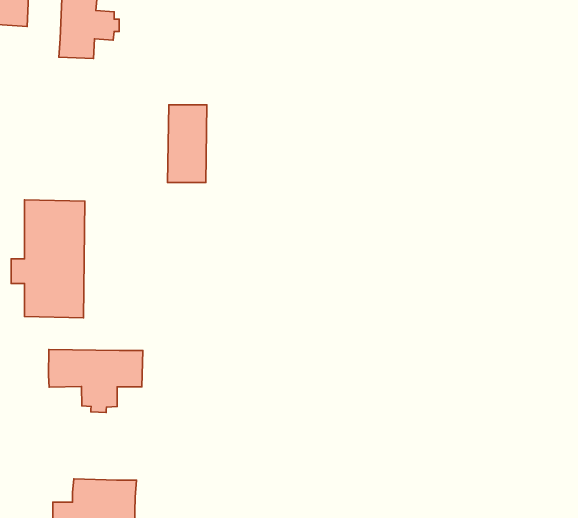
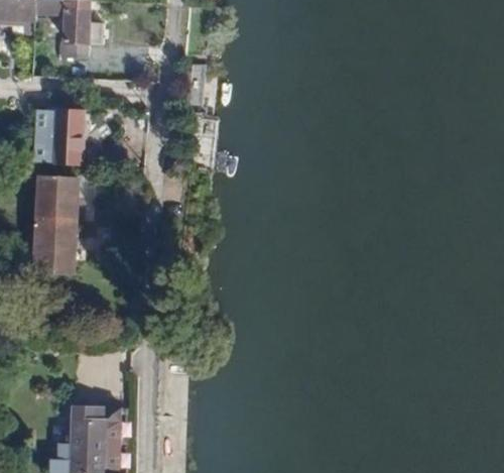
building: [168,105,207,182] -> [49,106,82,169]
building: [49,349,143,412] -> none

